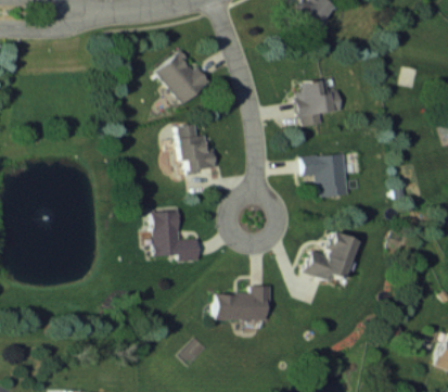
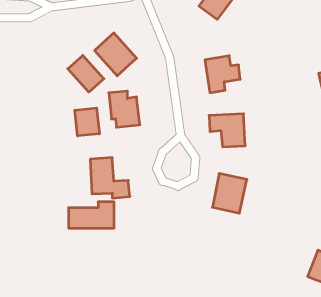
building: none -> [68,55,104,92]
building: none -> [75,108,99,136]
building: [212,286,270,319] -> [69,202,114,228]

